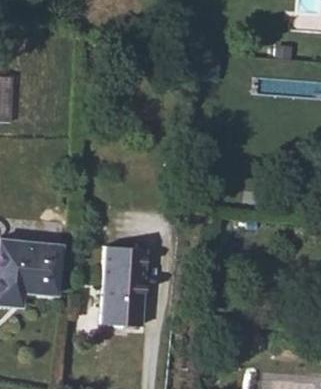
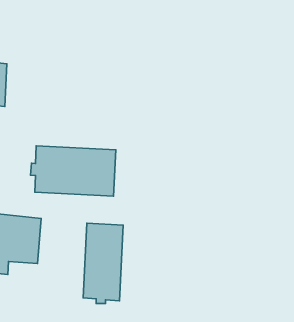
building: none -> [30,146,116,196]

